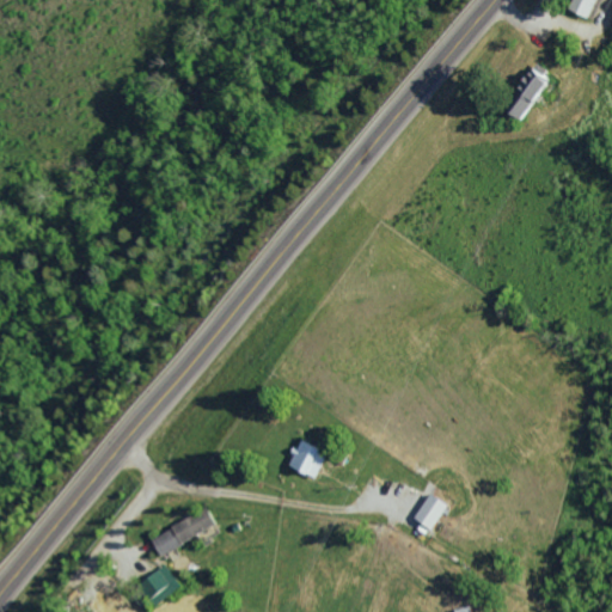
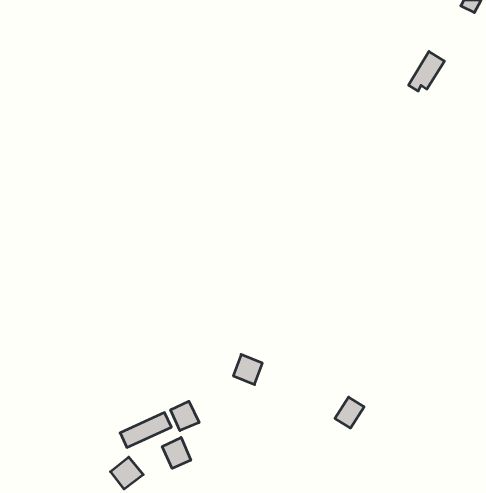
building: none -> [171,401,199,431]
building: none -> [162,437,191,468]

